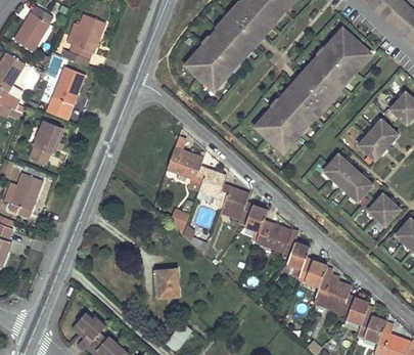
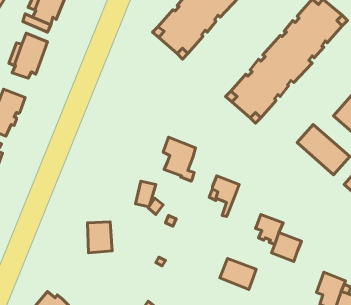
building: [168,147,203,189] -> none
building: [219,184,249,213] -> none
building: [257,221,291,251] -> [220,259,256,290]
building: [155,268,179,298] -> [88,222,112,253]
building: [315,275,352,314] -> none

